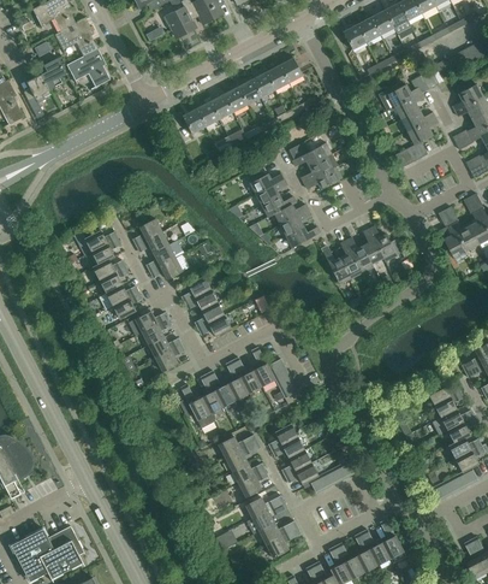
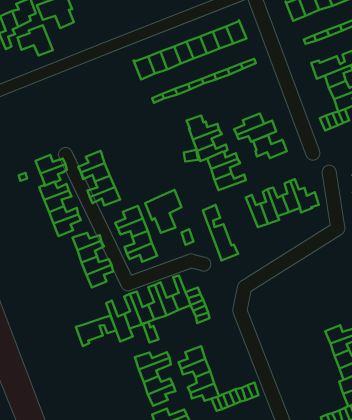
building: none -> [18,25,53,55]
building: [288,142,327,167] -> [253,135,287,158]
building: none -> [145,190,182,233]
building: none -> [203,205,238,261]
building: none -> [76,316,116,346]

